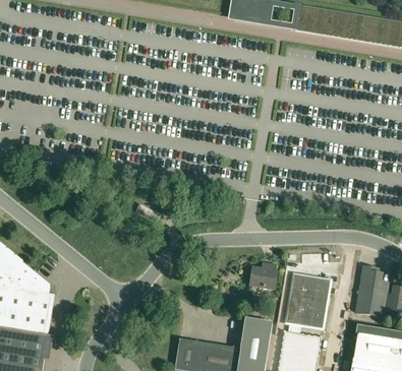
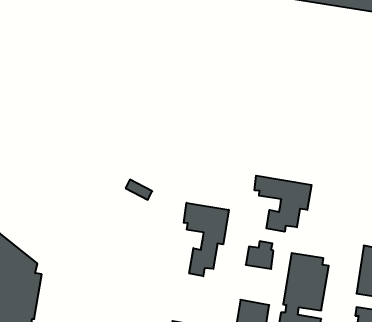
building: none -> [255,176,312,232]
building: none -> [184,203,229,276]

